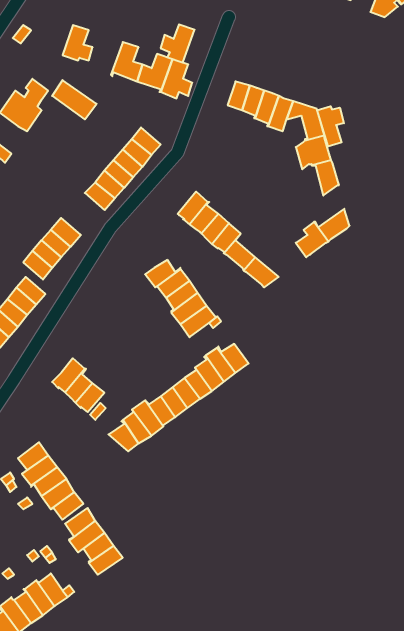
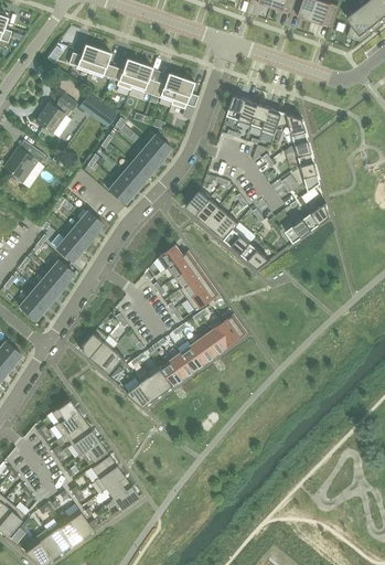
building: none -> [68,43,97,73]
building: [161,24,195,63] -> [110,57,139,89]
building: [317,106,344,146] -> none

